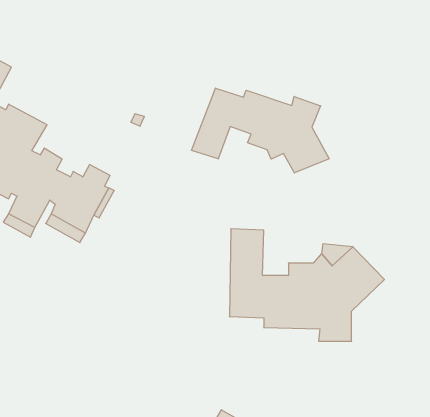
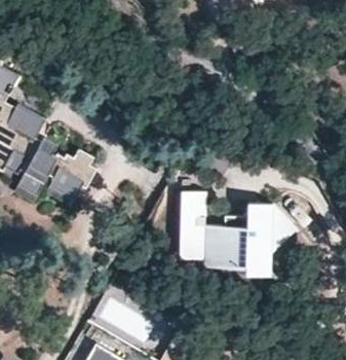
building: [191,88,329,173] -> none

